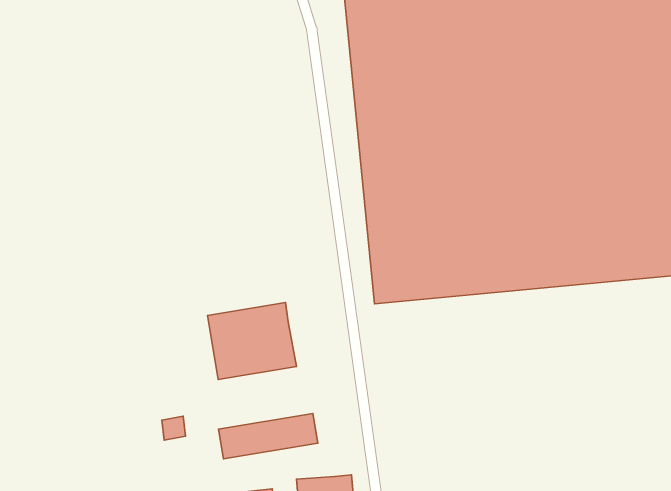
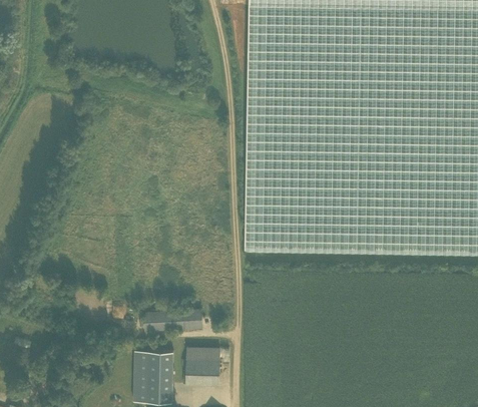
building: [207,302,296,380] -> none

